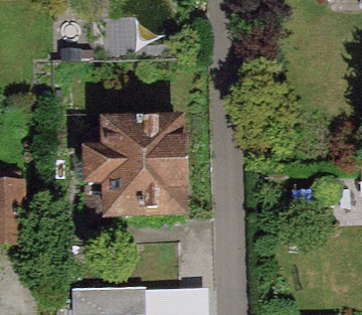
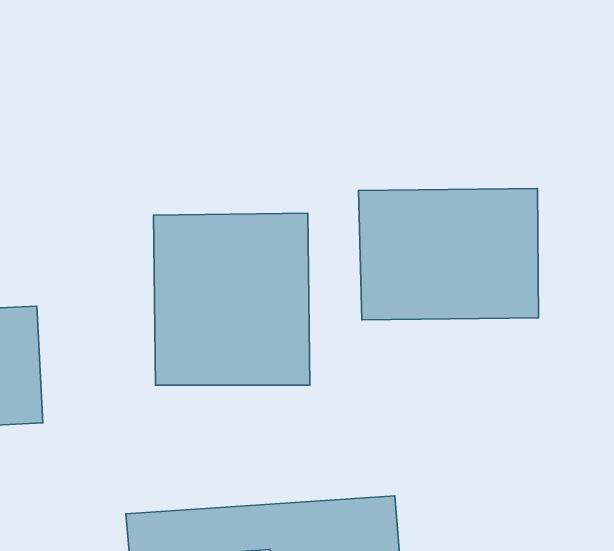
building: none -> [359,189,539,320]

